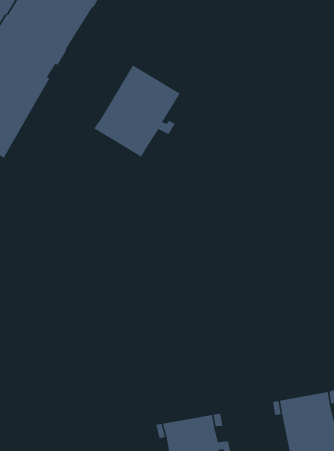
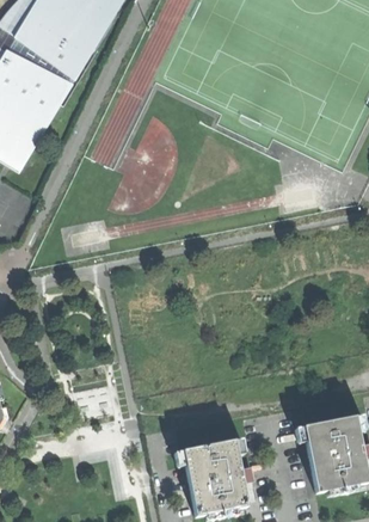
building: [93,65,181,157] -> none

